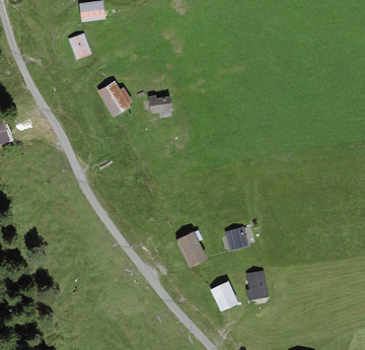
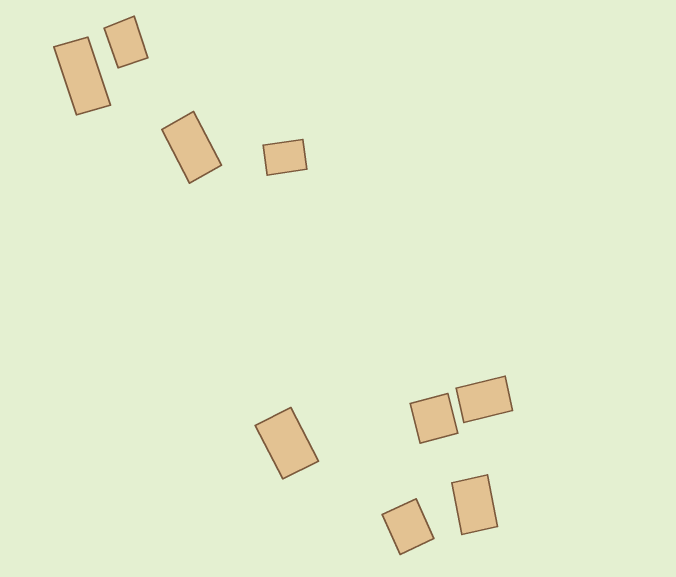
building: none -> [54,37,110,115]
building: none -> [456,376,513,423]
building: [176,231,209,268] -> [255,408,319,479]

